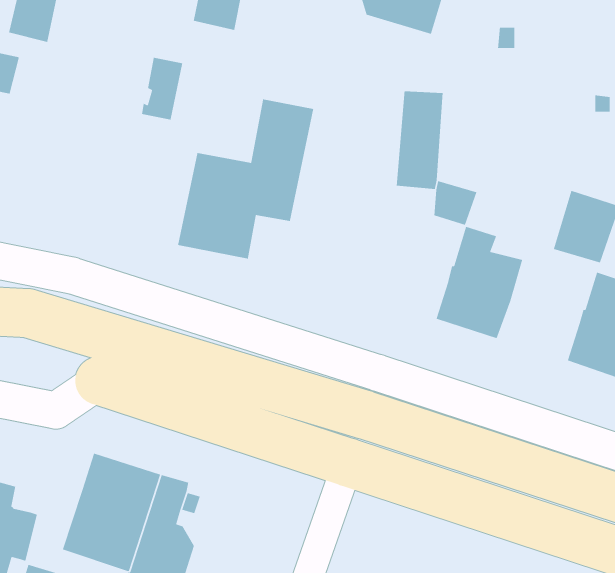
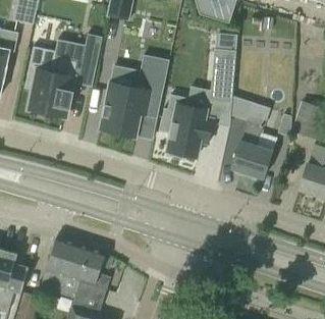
building: none -> [23,45,77,116]
building: none -> [159,94,212,157]

